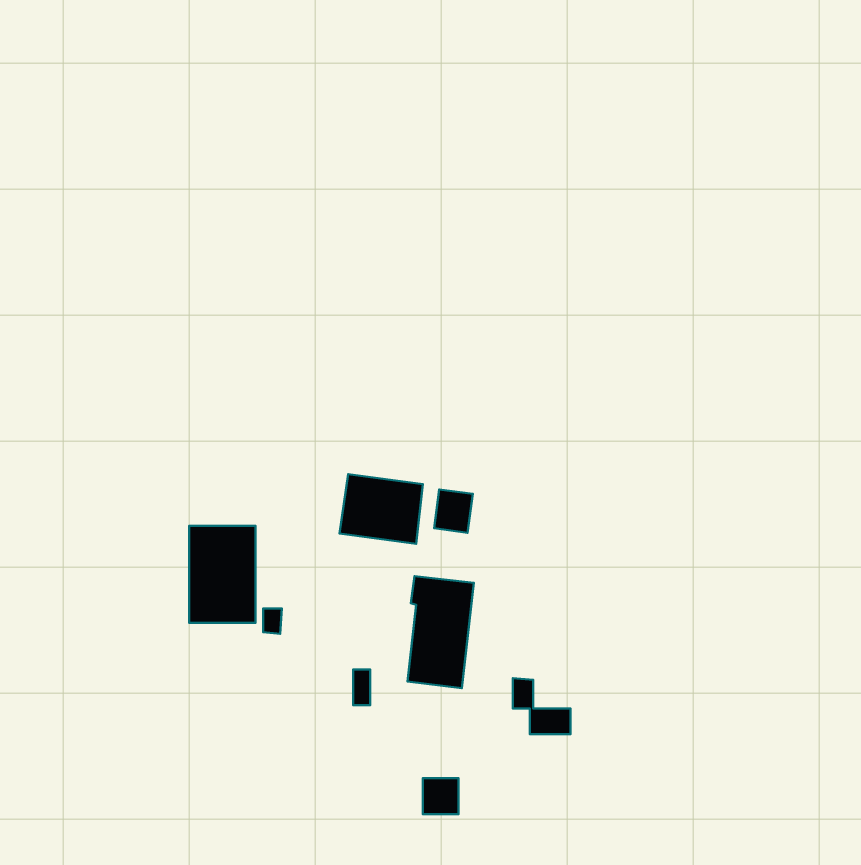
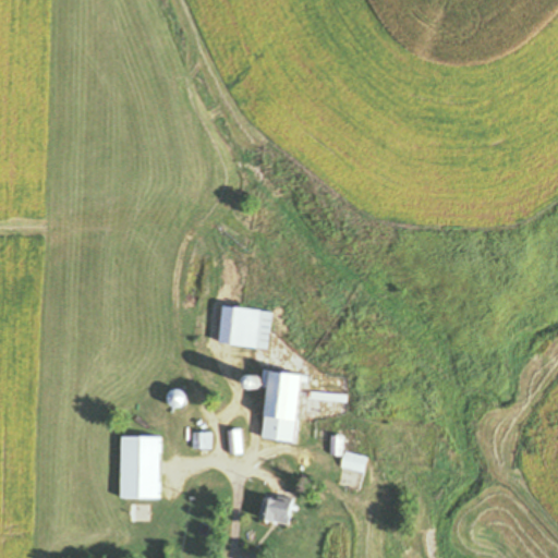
building: [434,489,473,533] -> none
building: [189,526,256,623] -> [118,436,160,498]

